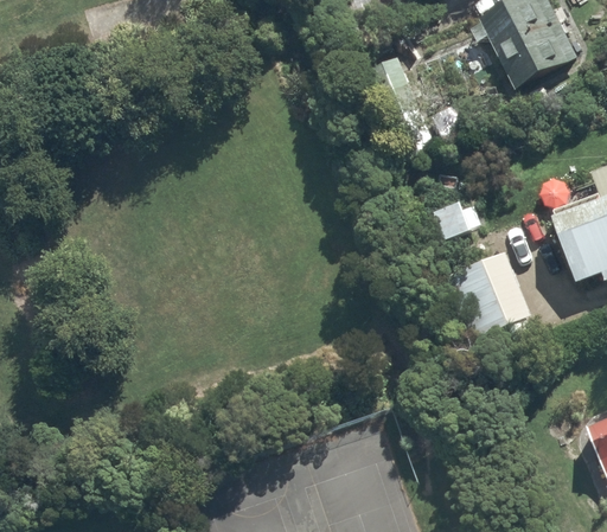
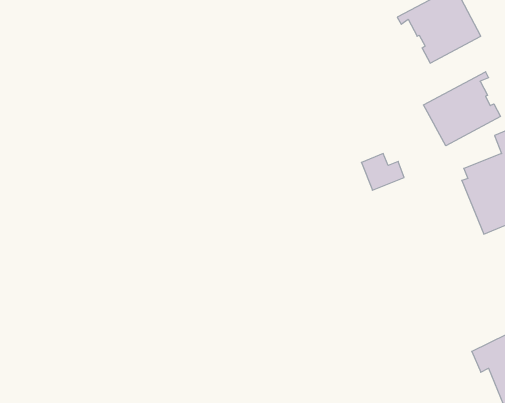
building: none -> [423,72,500,146]
building: [447,249,531,339] -> none

